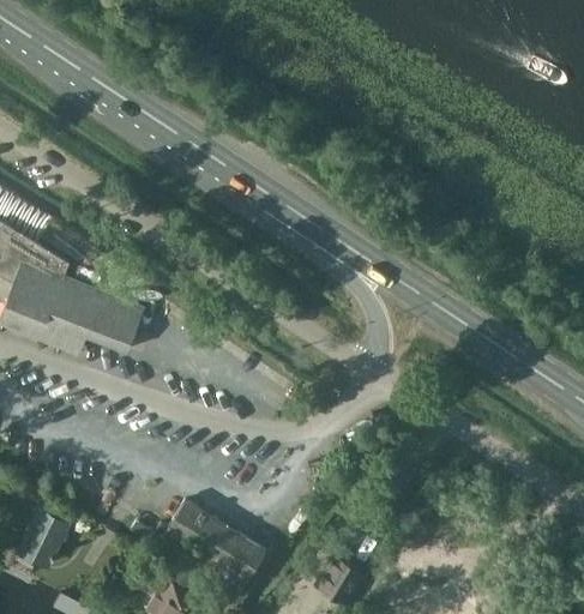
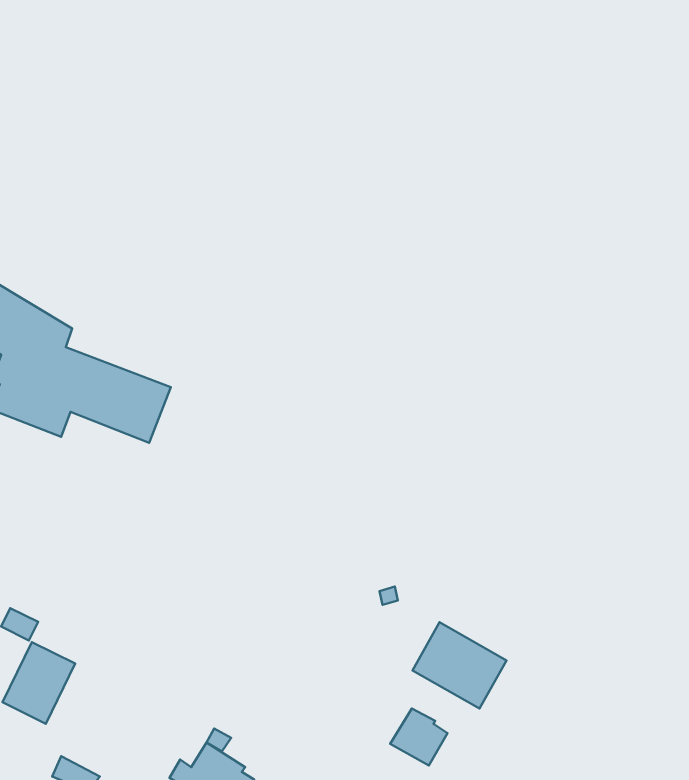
building: none -> [413,622,506,709]
building: [164,500,261,594] -> none

